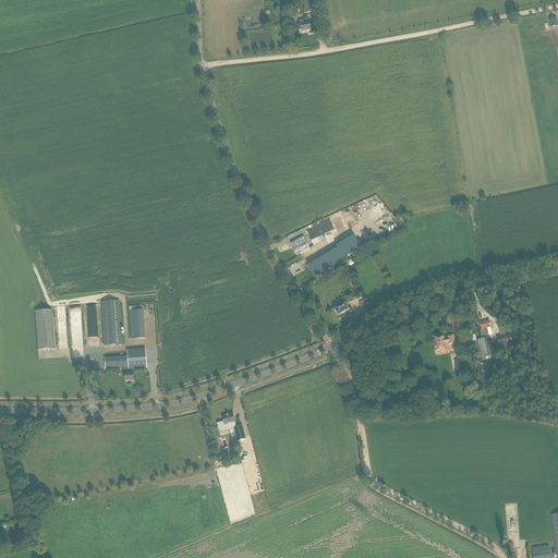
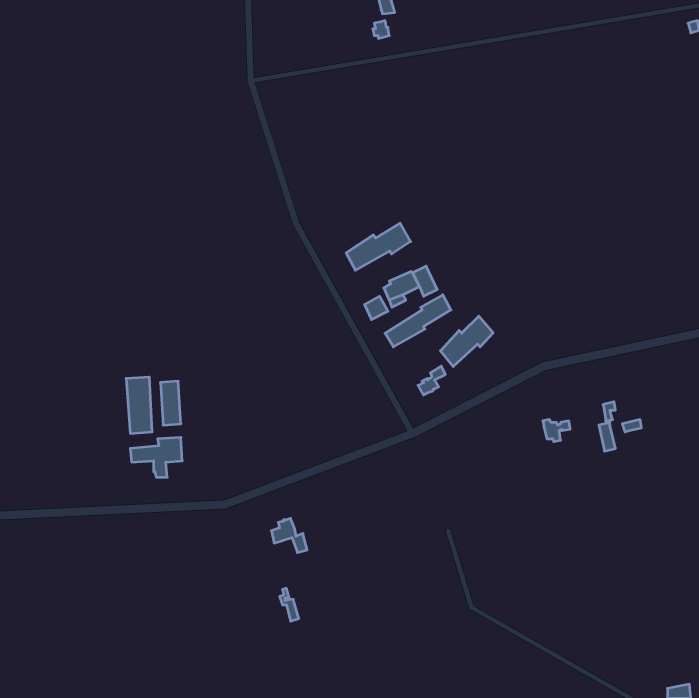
building: none -> [346,223,411,270]
building: none -> [440,316,493,367]
building: [34,308,53,349] -> none

